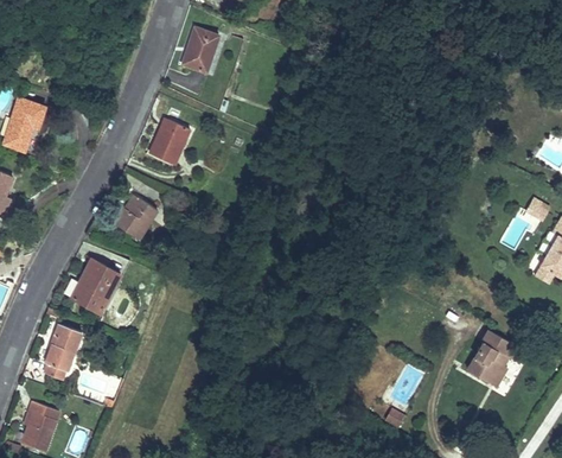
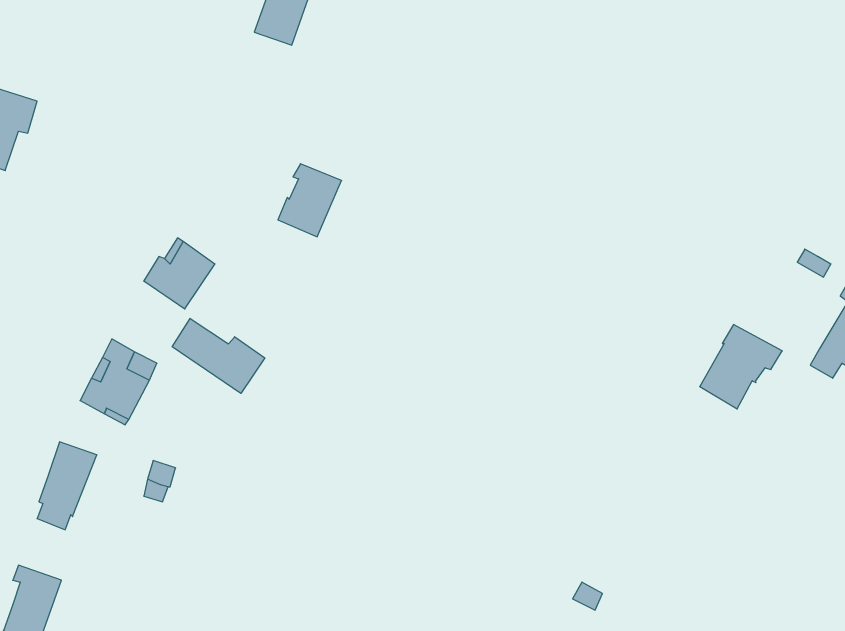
building: [151,119,191,165] -> [278,164,342,237]
building: none -> [172,318,265,393]
building: [467,331,519,384] -> [700,325,782,409]

